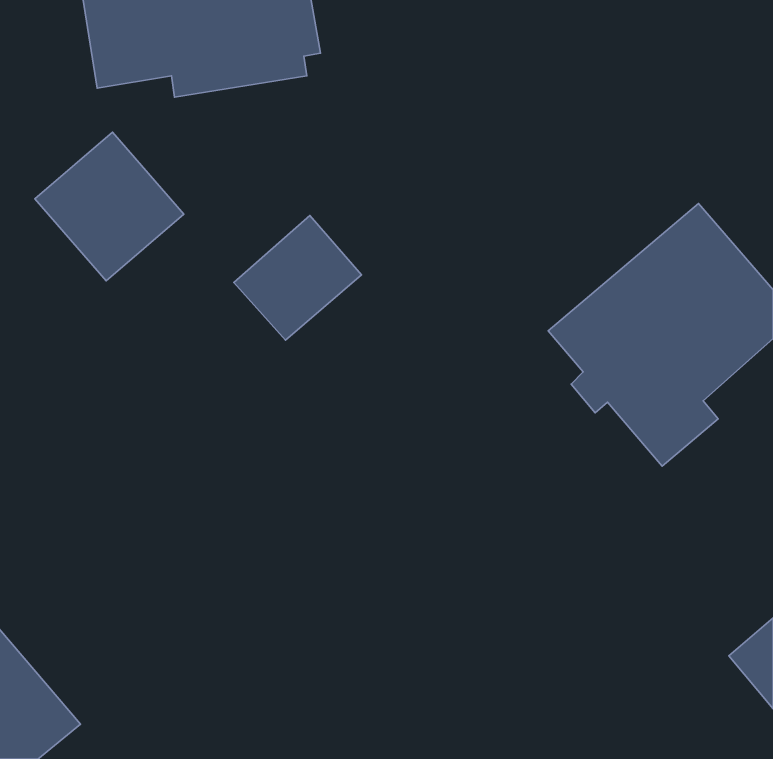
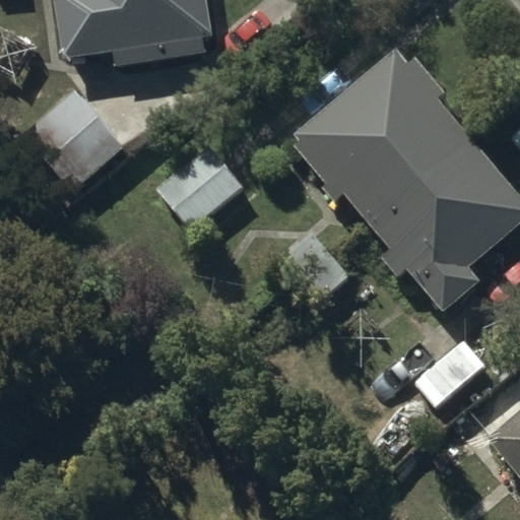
building: none -> [295,49,467,221]

